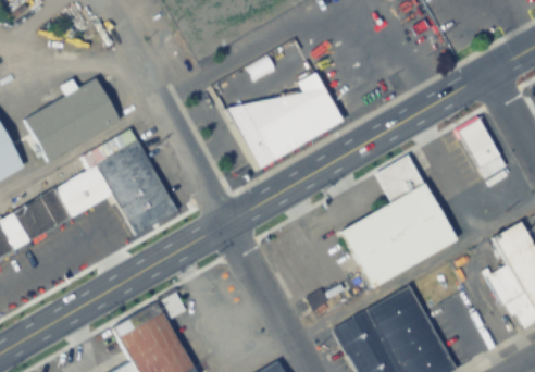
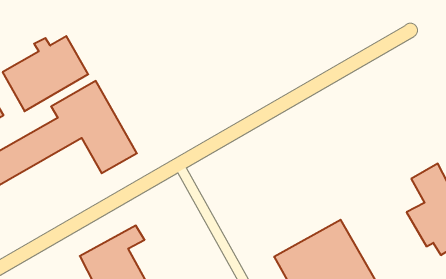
building: [226,87,345,168] -> none
building: [458,117,507,181] -> none
building: [340,153,459,288] -> none

